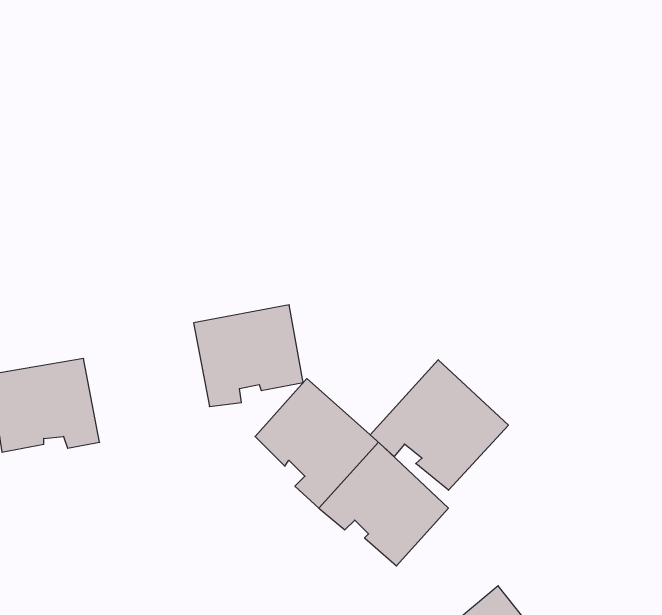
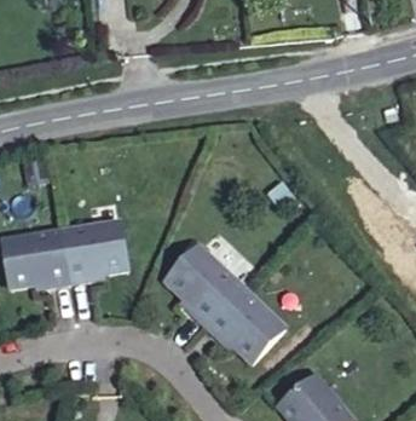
building: [194,305,303,407] -> [60,220,127,282]
building: [370,360,508,490] -> none

